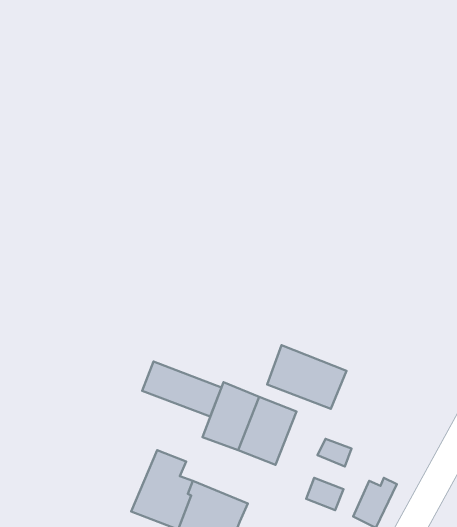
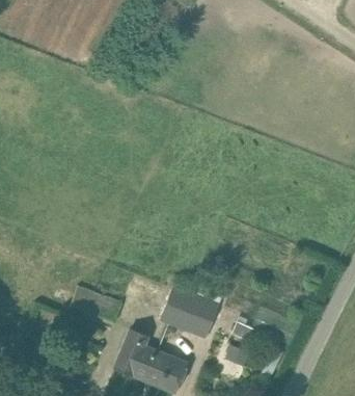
building: [267,345,347,409] -> none
building: [142,362,222,417] -> [71,285,121,320]

